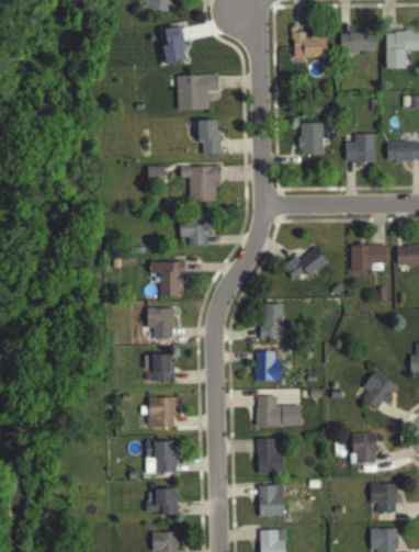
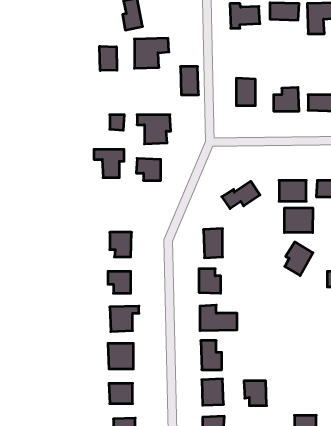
building: none -> [100,46,117,71]
building: [200,120,222,154] -> [180,67,199,95]
building: [150,261,186,295] -> [94,149,124,178]
building: none -> [284,208,313,233]
building: [362,370,396,410] -> [285,242,313,276]
building: [352,432,377,463] -> none
building: [371,483,398,512] -> [244,381,267,406]

